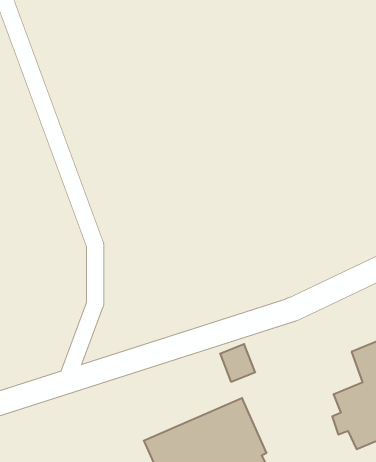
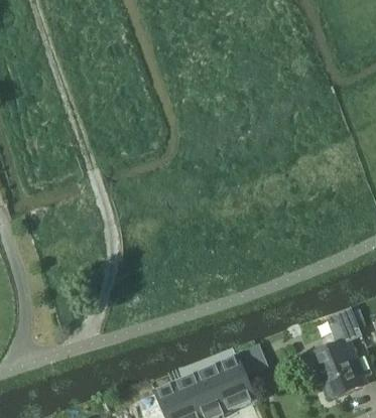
building: [220,344,255,382] -> [239,342,268,374]

